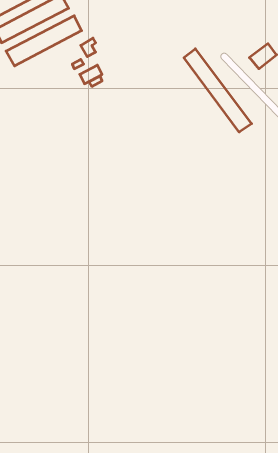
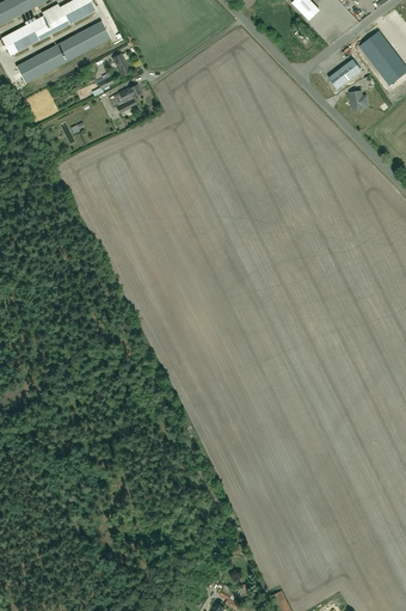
building: [184,49,252,132] -> none

